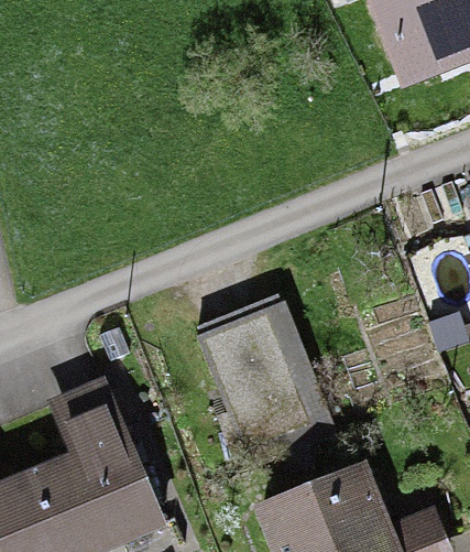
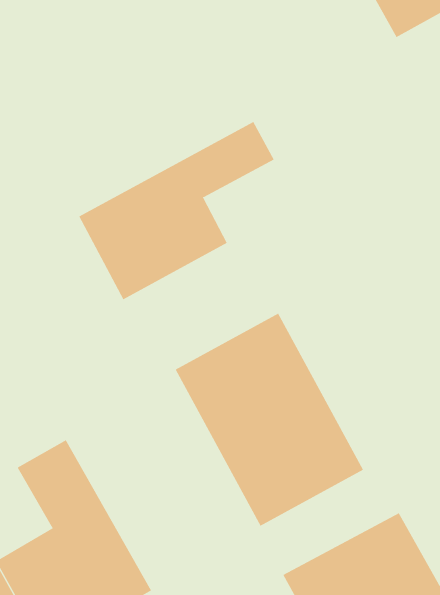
building: none -> [79,121,274,300]

